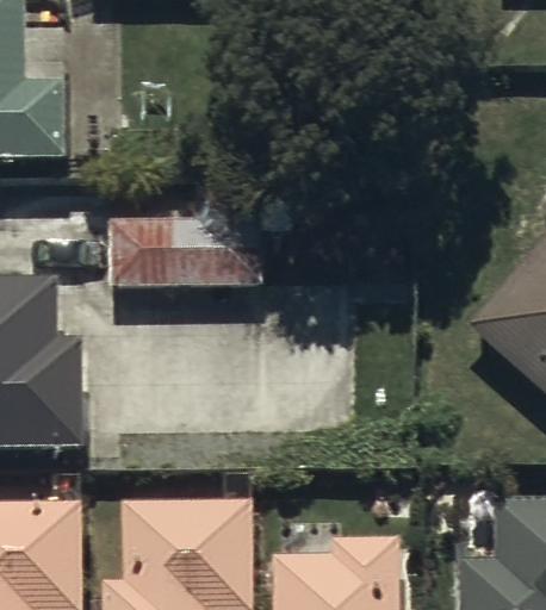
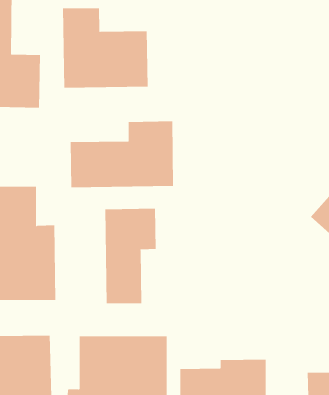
building: none -> [63,7,148,89]
building: none -> [105,208,156,304]

